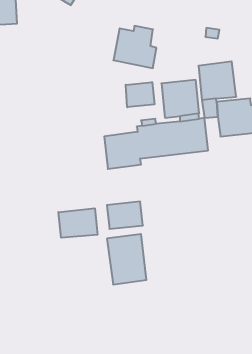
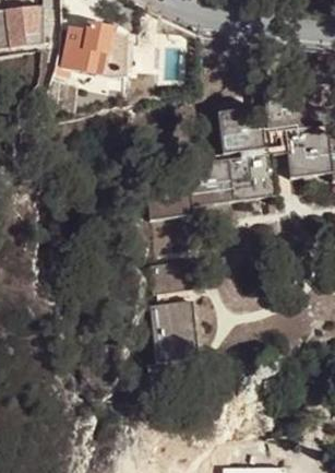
building: [113,26,156,68] -> [63,26,117,79]
building: [126,82,154,107] -> none
building: [58,208,98,238] -> none

